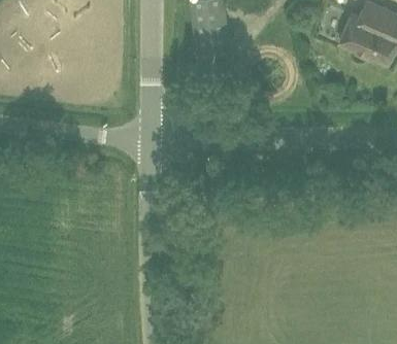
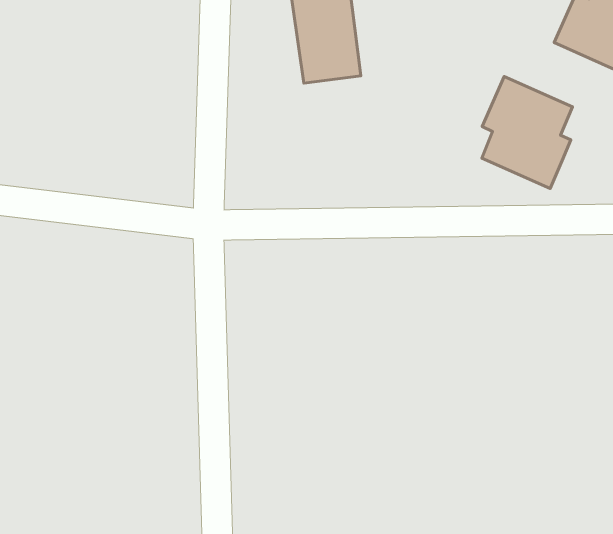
building: none -> [482,77,572,189]

